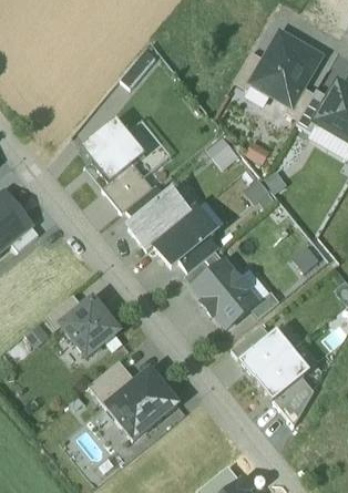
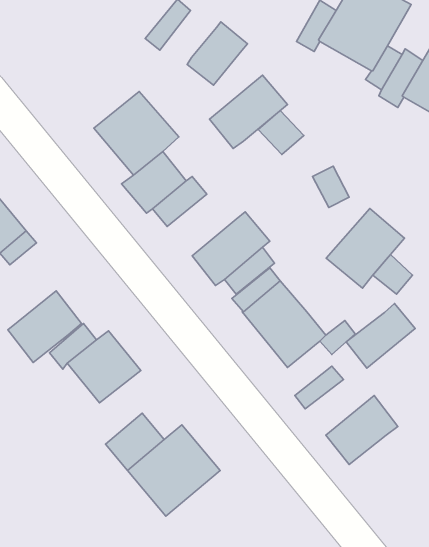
building: none -> [187,22,247,85]
building: [131,193,190,248] -> [210,75,287,149]
building: none -> [326,208,404,288]
building: none -> [8,291,81,363]
building: [242,329,294,378] -> [346,304,415,368]
building: [275,378,315,424] -> none

